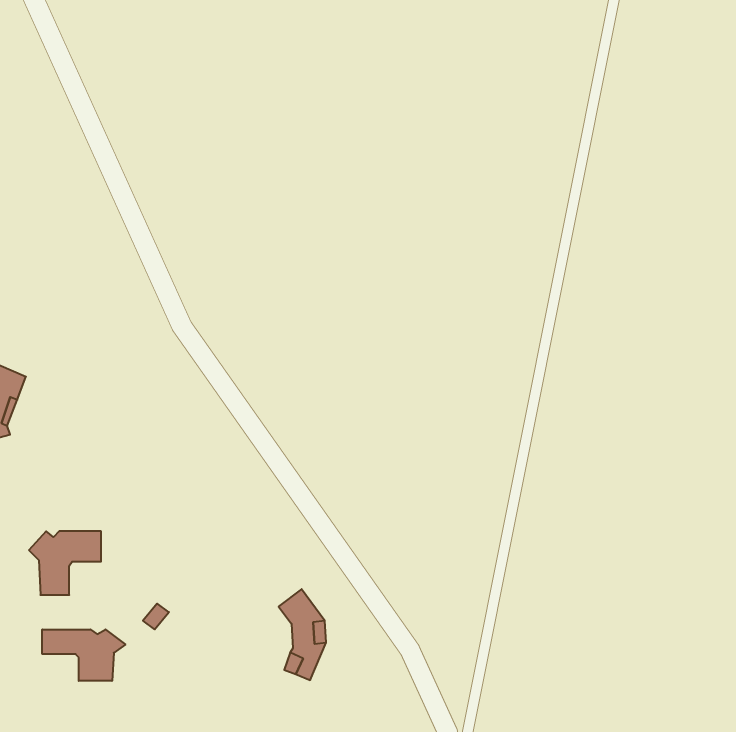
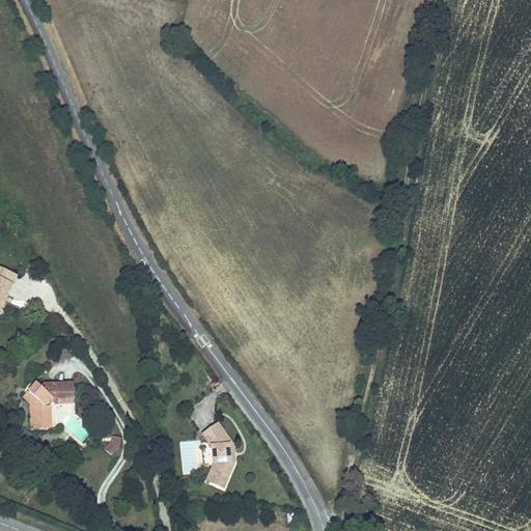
building: [42,629,125,681] -> none

